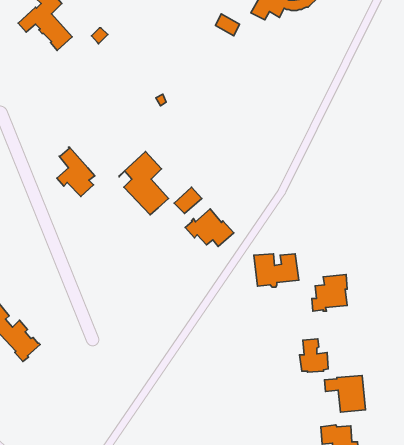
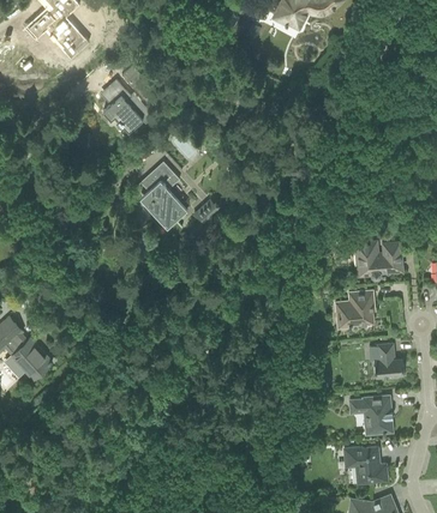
building: [57,147,95,196] -> [103,78,143,129]
building: [185,209,234,246] -> none
building: [254,254,299,287] -> [355,241,402,276]
building: [300,339,328,372] -> [373,343,403,378]

